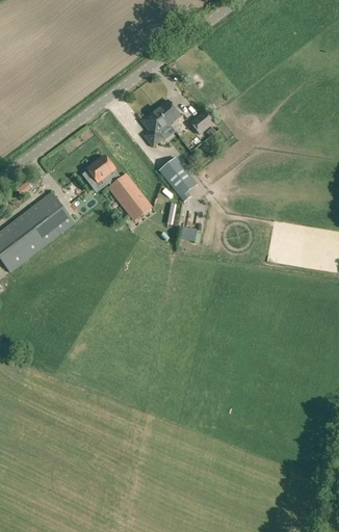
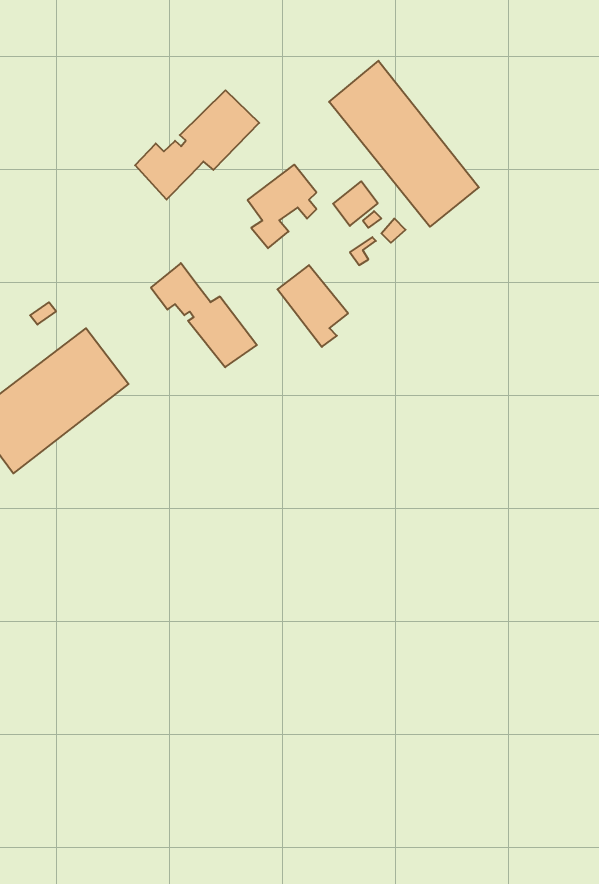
building: none -> [329,61,479,227]
building: none -> [135,90,259,200]

